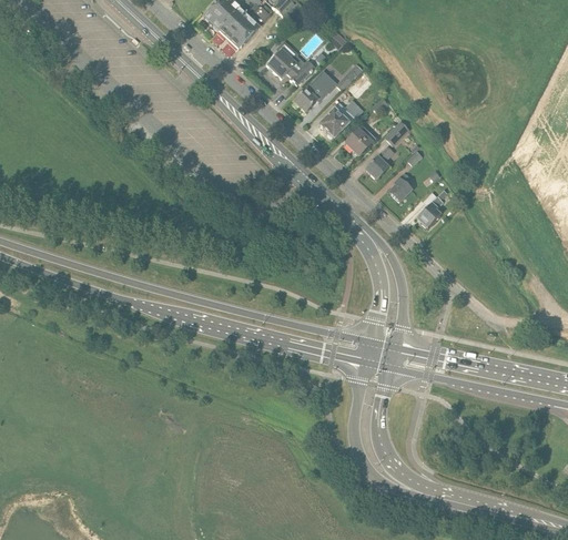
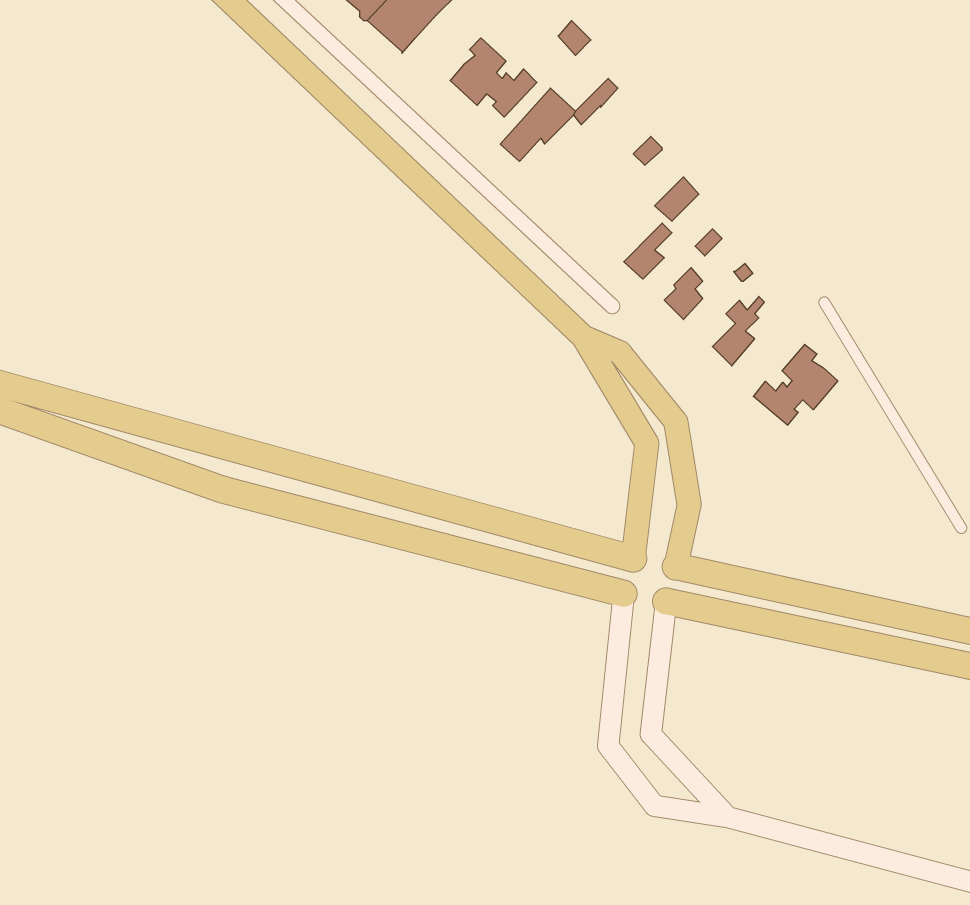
building: [318,102,354,137] -> none
building: [345,124,375,155] -> none
building: none -> [753,344,838,425]

